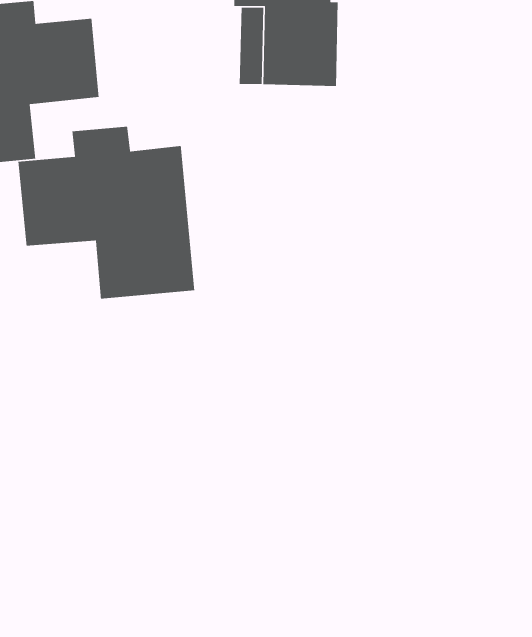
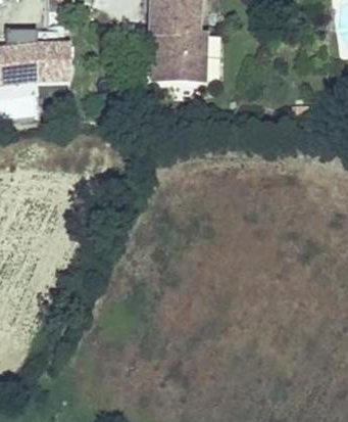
building: [18,126,195,299] -> none

